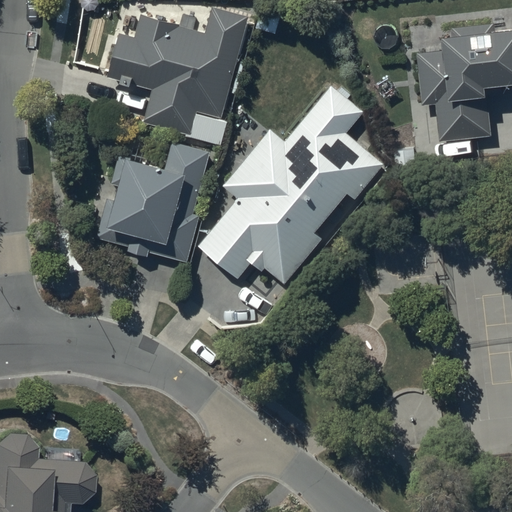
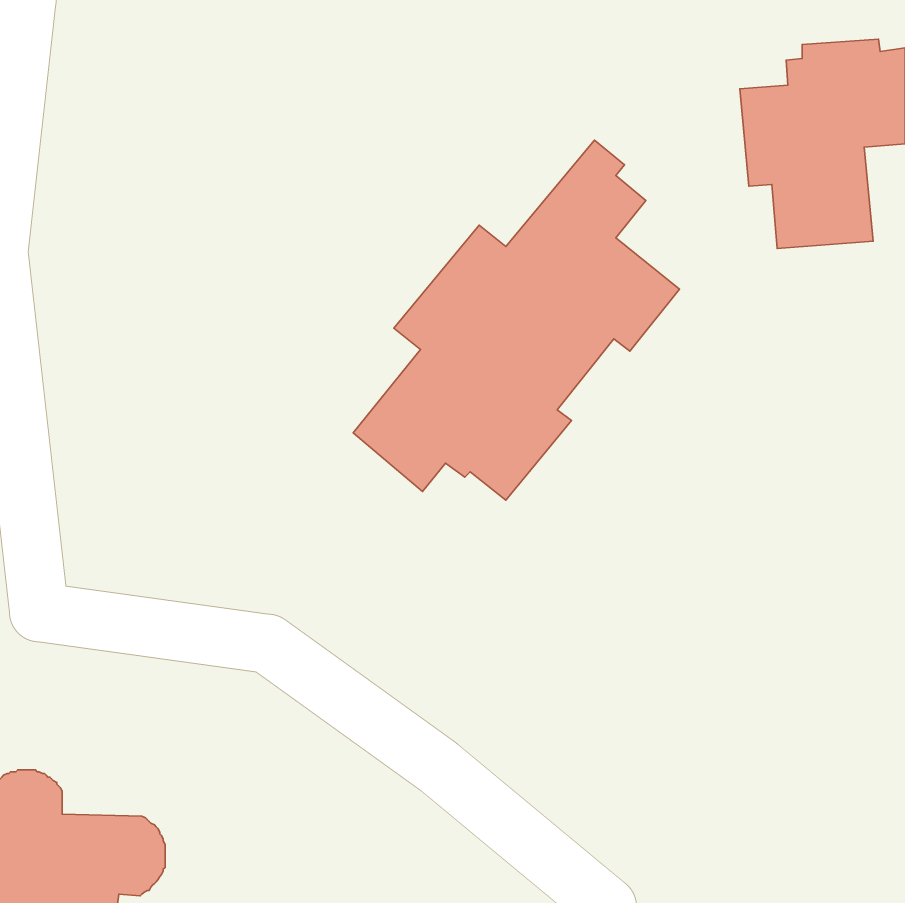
building: [109,8,248,137] -> none
building: [96,142,211,264] -> none

